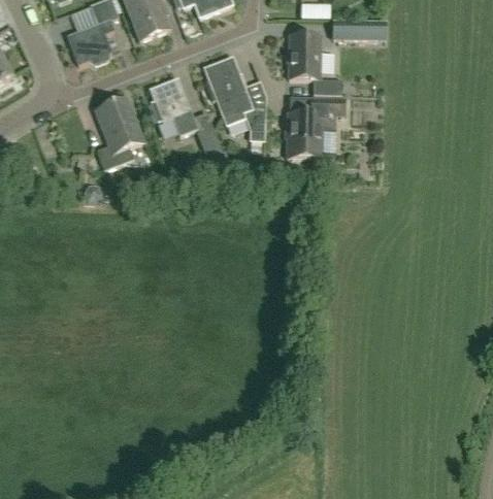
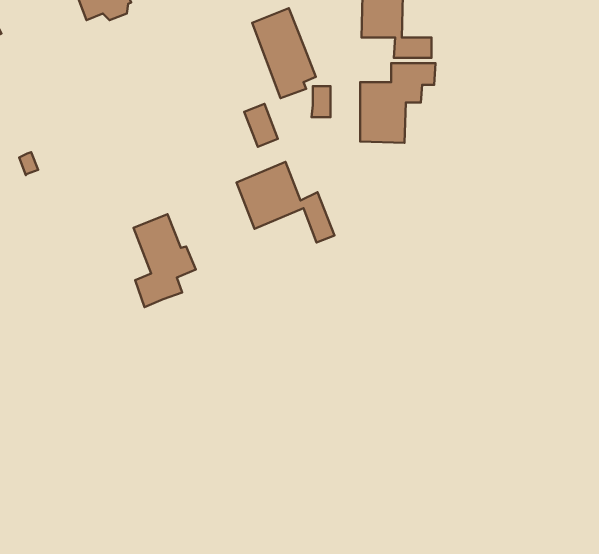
building: [150,76,198,132] -> none
building: [96,98,143,169] -> [134,214,196,307]
building: none -> [236,162,334,242]

